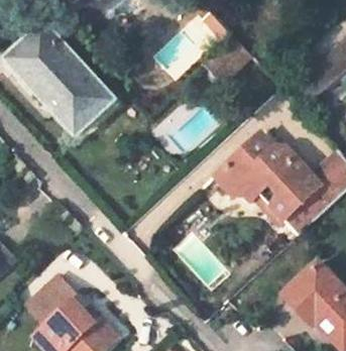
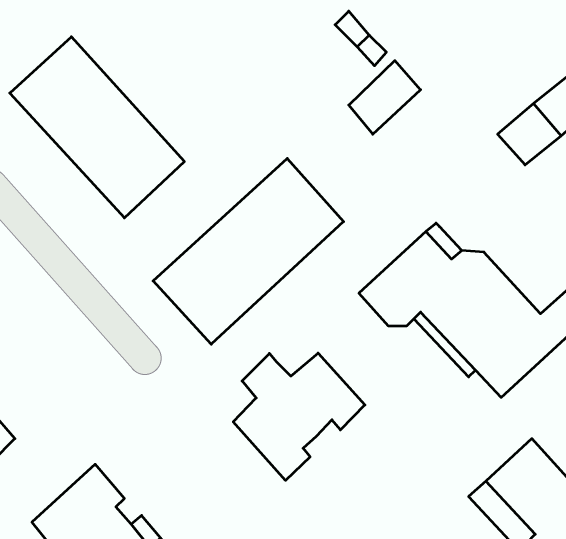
building: none -> [153,158,344,344]
building: none -> [233,353,365,480]

